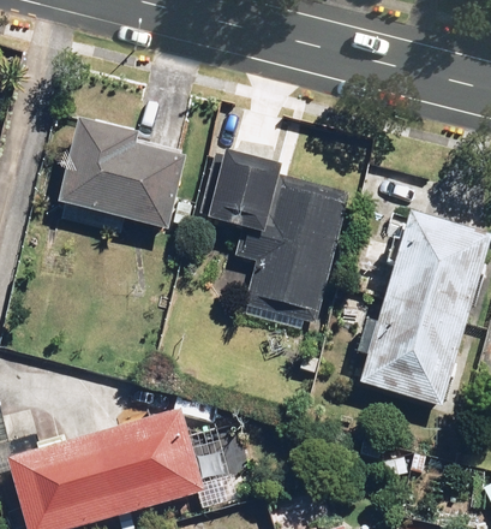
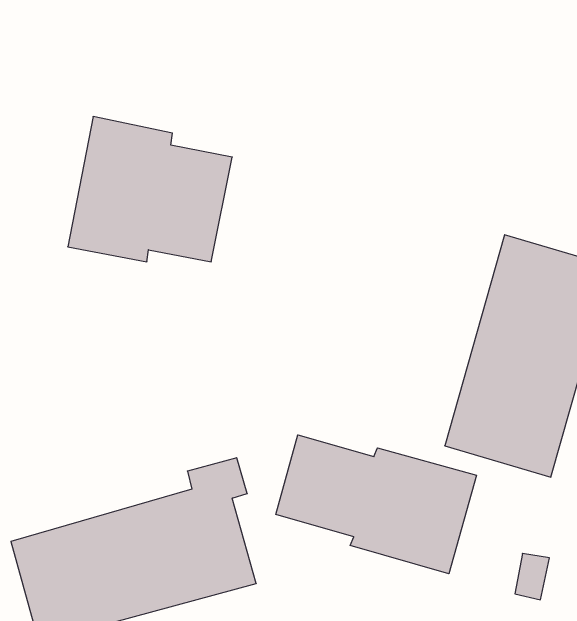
building: [194,149,348,331] -> none
building: none -> [276,435,477,574]

